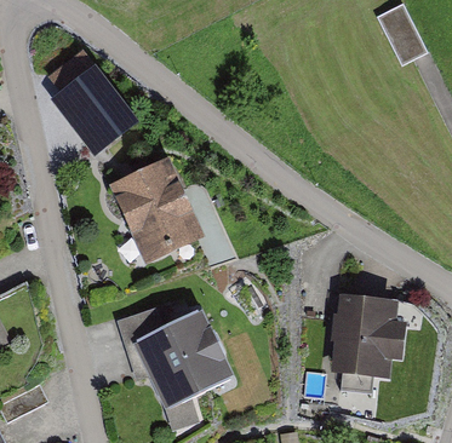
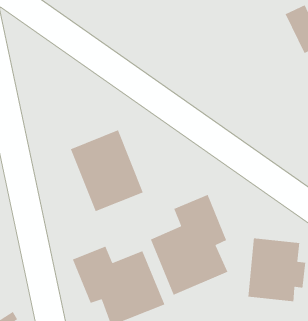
building: [52,70,135,155] -> none
building: none -> [150,194,229,296]

